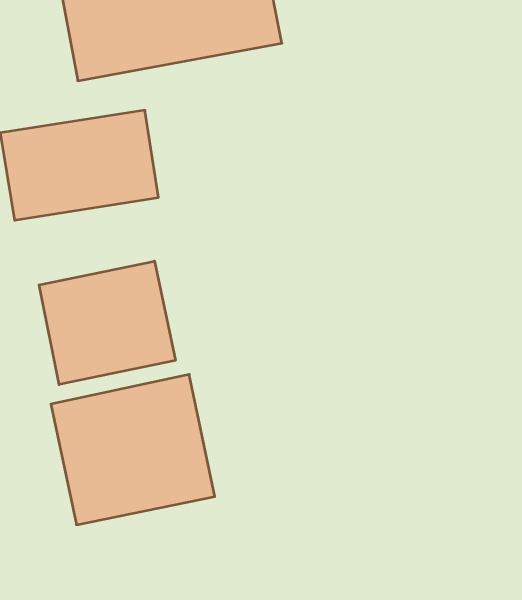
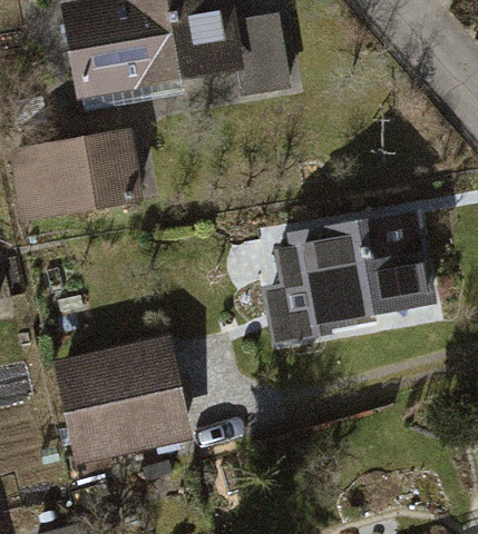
building: none -> [258,208,435,343]
building: [39,261,175,385] -> none

